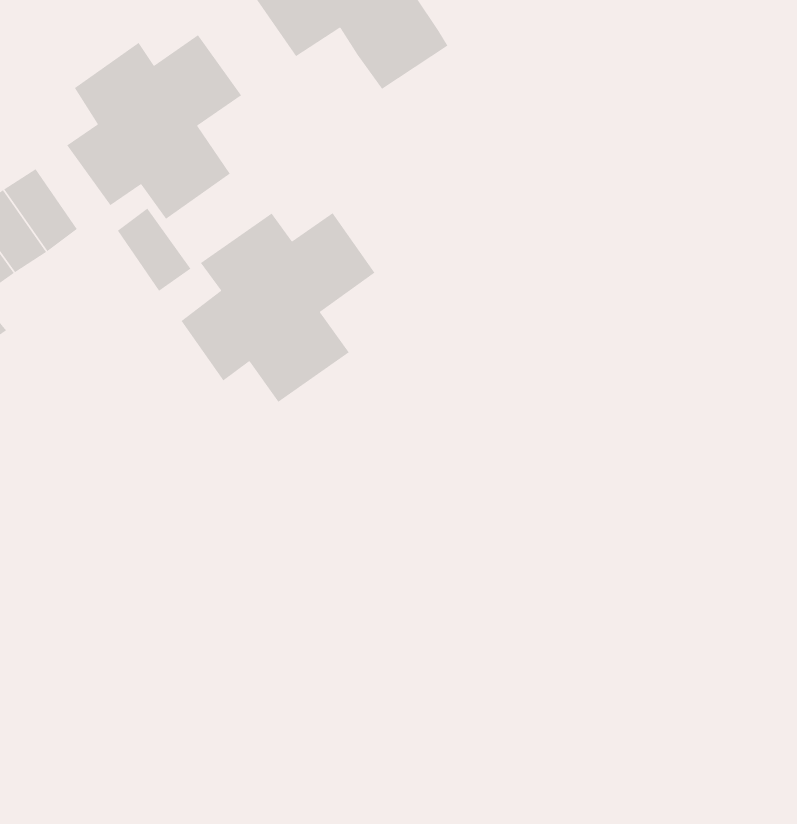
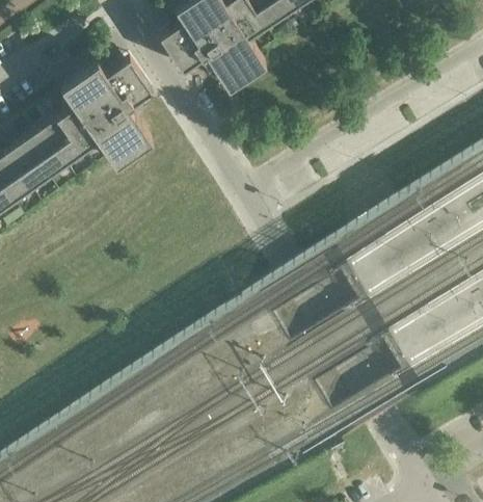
building: [117,208,191,292] -> [41,121,81,166]
building: [181,212,375,403] -> none

